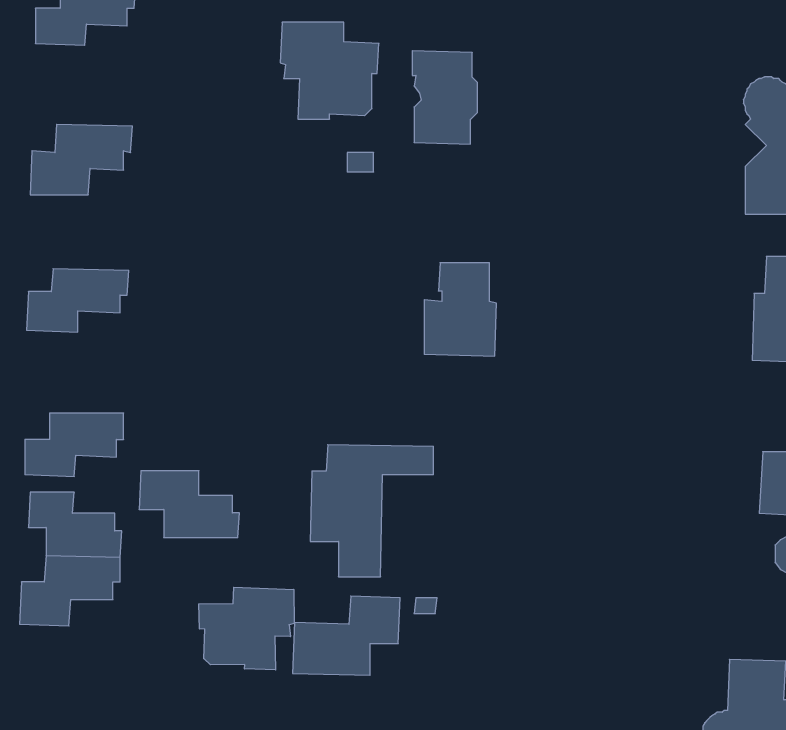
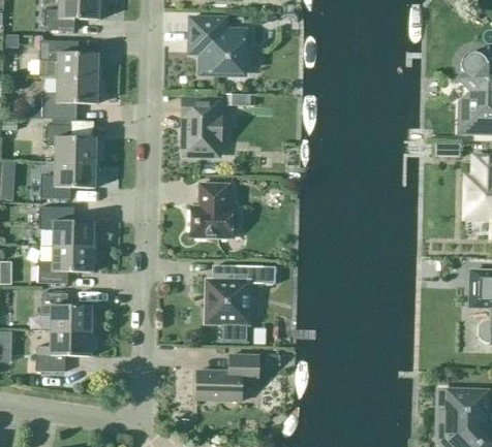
building: [412,51,477,144] -> [183,100,221,155]
building: none -> [38,40,101,78]
building: none -> [45,125,99,163]
building: [424,263,496,356] -> [190,184,233,238]
building: [139,471,239,538] -> [38,207,97,247]
building: [199,587,294,670] -> none

